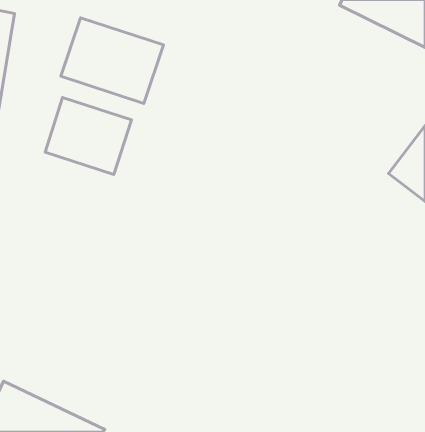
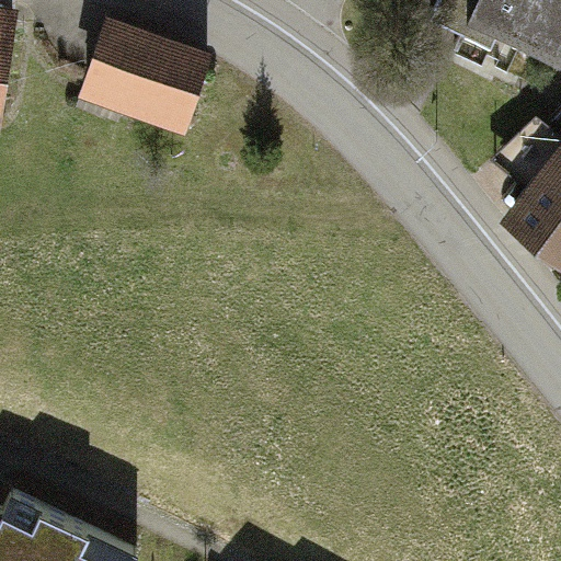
building: [45,97,131,175] -> none

